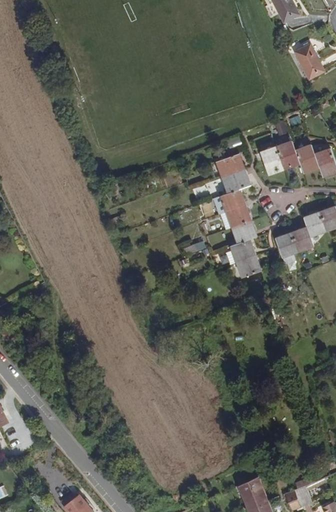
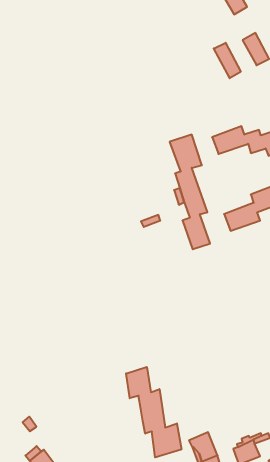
building: none -> [214,43,241,78]
building: none -> [126,367,181,457]

